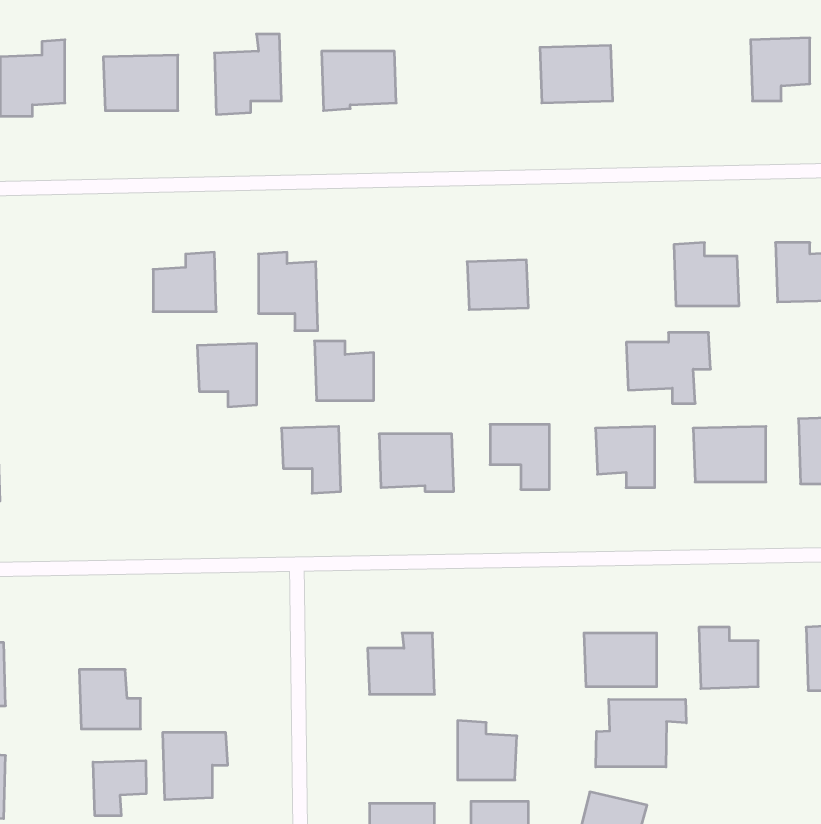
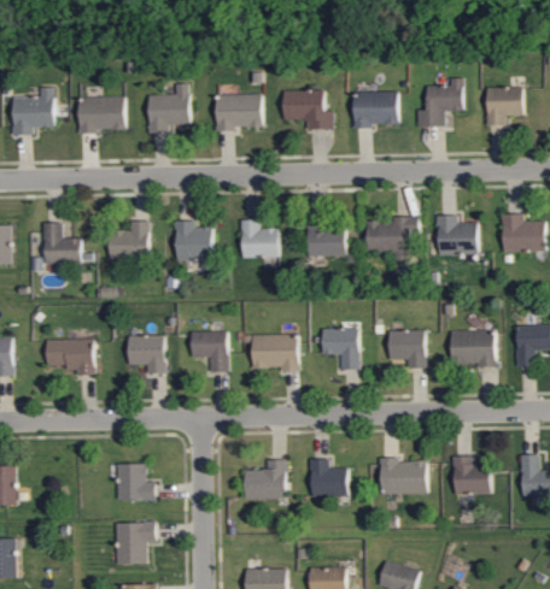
building: none -> [416,78,463,128]
building: none -> [282,90,333,129]
building: none -> [43,223,81,261]
building: [626,333,711,403] -> [365,216,419,260]
building: [314,341,374,400] -> [240,220,277,258]
building: [197,344,257,407] -> [127,335,164,375]
building: none -> [45,338,94,375]
building: [79,670,141,729] -> [116,464,154,501]
building: [596,699,686,767] -> none
building: [458,721,517,780] -> [310,459,347,496]
building: [93,761,146,816] -> none

